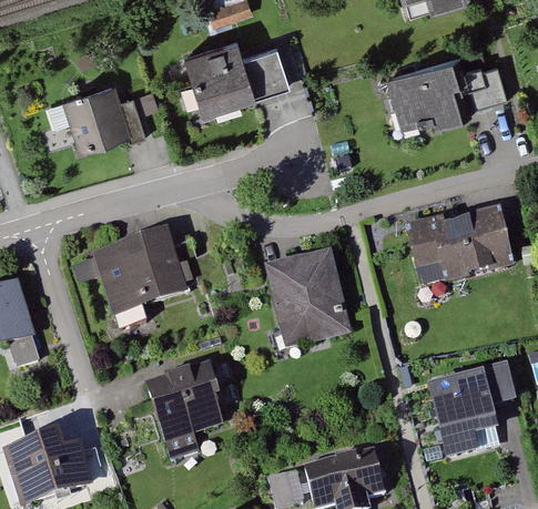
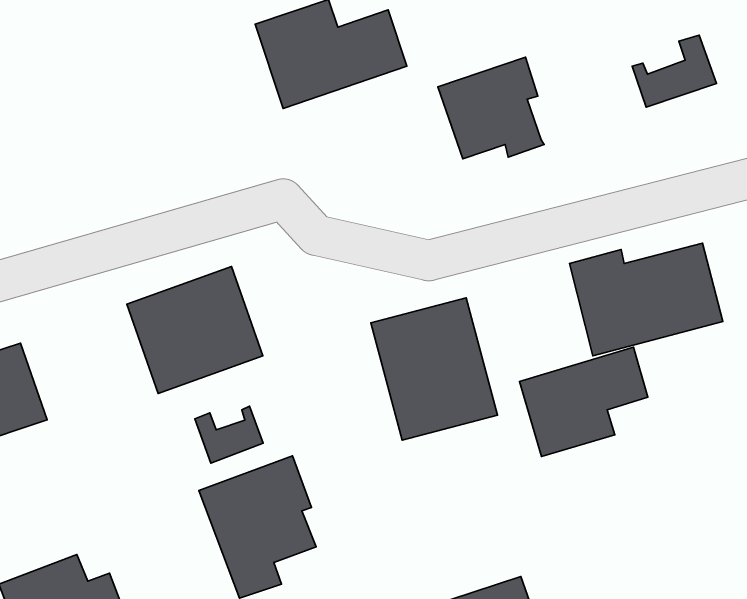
building: [386,53,461,125] -> [438,57,544,159]
building: [60,79,149,153] -> none
building: none -> [195,406,263,463]
building: [425,364,516,441] -> [519,347,648,457]

